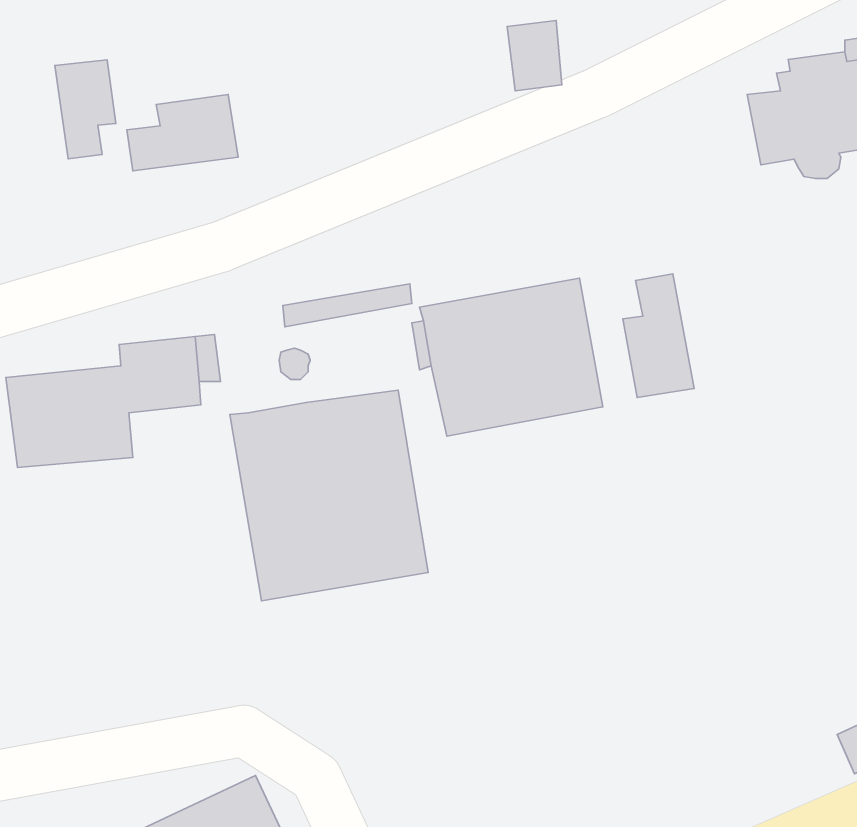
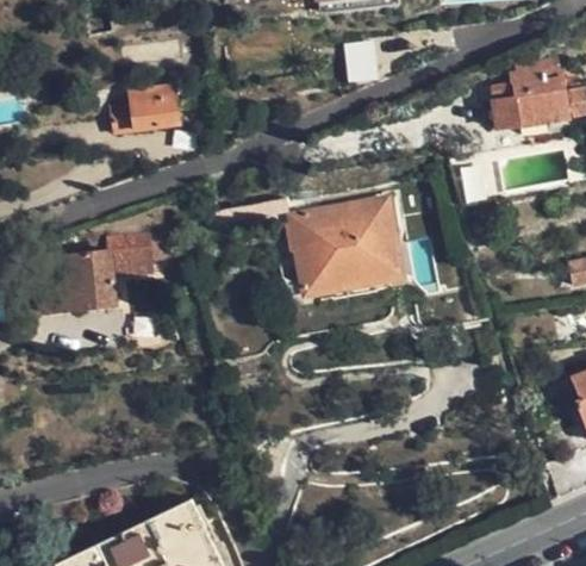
building: [55,60,116,159] -> none
building: [623,274,694,398] -> none
building: [230,390,428,601] -> none

